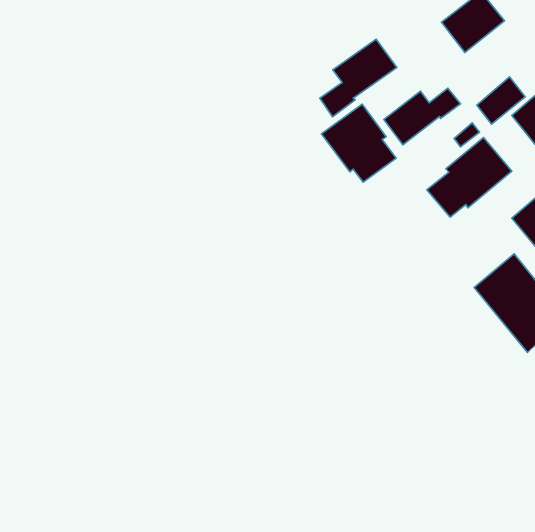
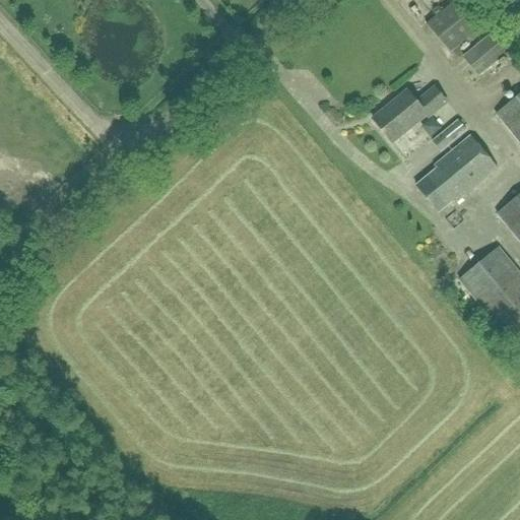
building: [320,39,397,117] -> none
building: [477,77,525,124] -> [464,28,511,74]
building: [322,104,396,182] -> none

